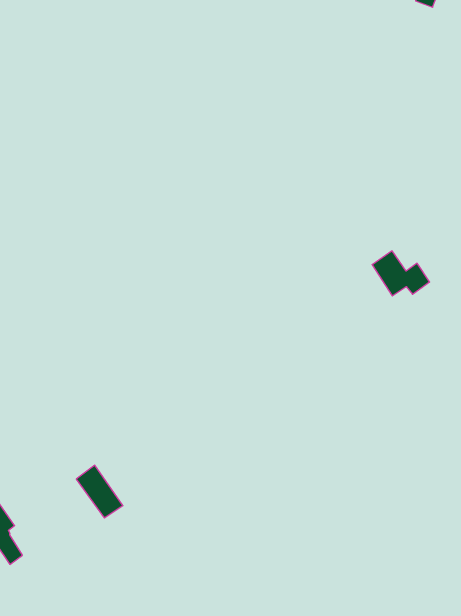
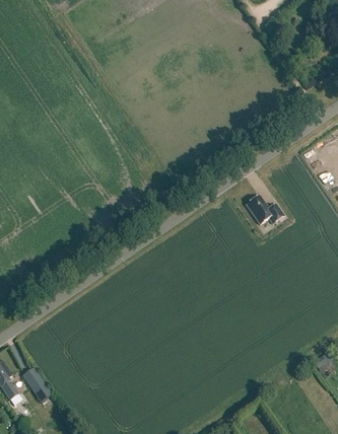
building: [76,465,123,518] -> [22,367,53,402]

